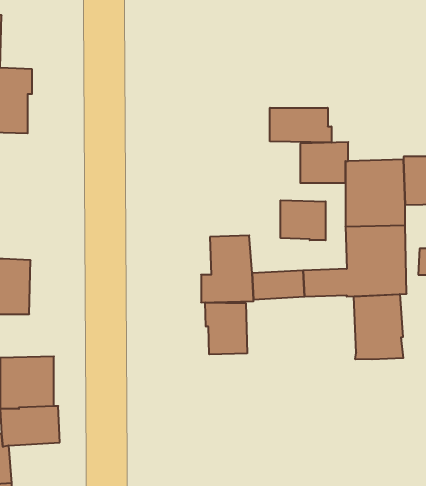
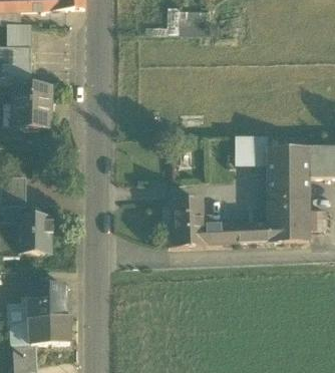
building: [270,108,331,143] -> none
building: [281,200,326,240] -> none
building: [354,294,403,359] -> none
building: [205,302,247,354] -> none

